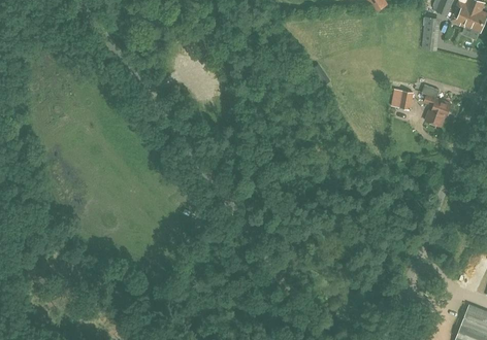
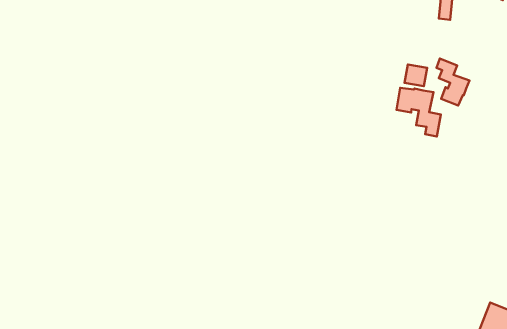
building: none -> [396,88,441,136]

